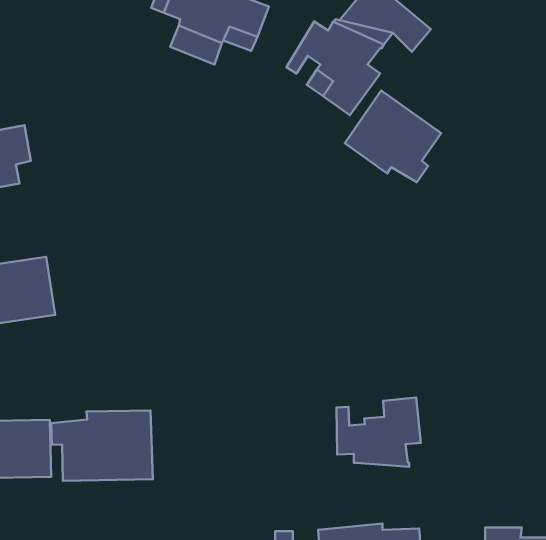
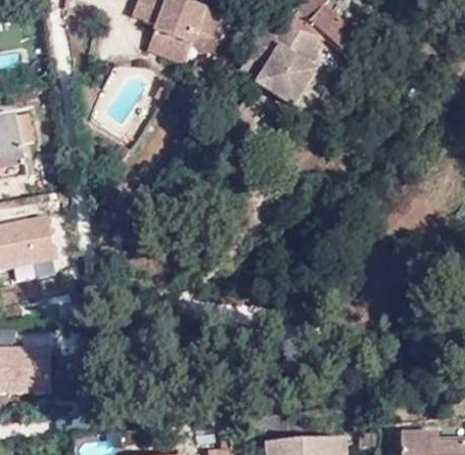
building: [345,91,441,182] -> none
building: [337,398,421,467] -> none
building: [51,410,153,481] -> none

